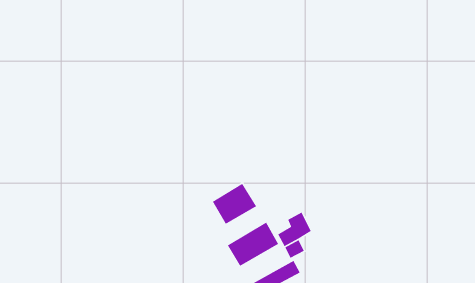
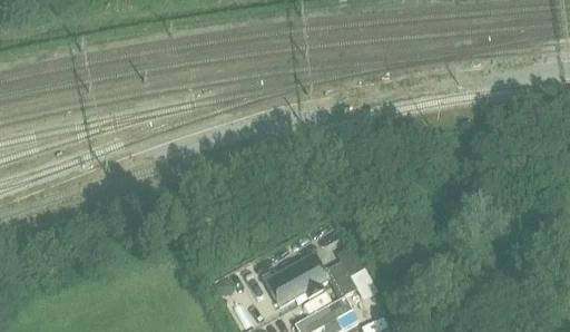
building: [212,183,257,225] -> none

